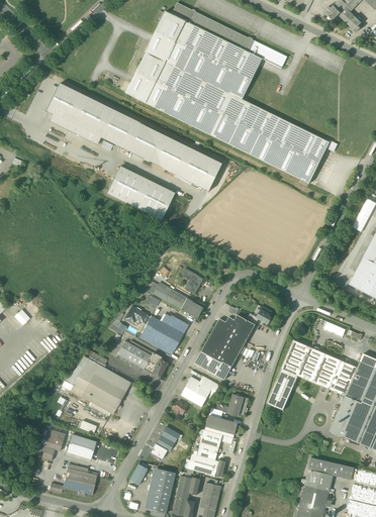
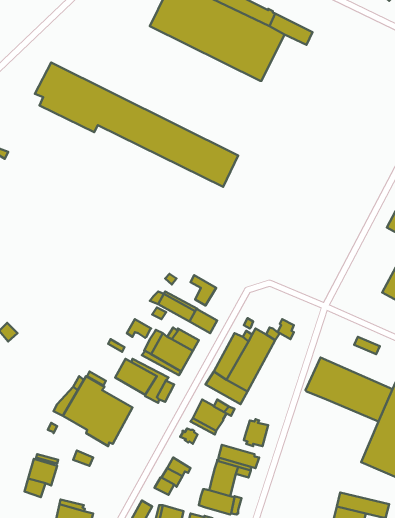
building: [125,51,338,183] -> none
building: [106,166,175,219] -> none
building: [267,369,297,410] -> none
building: [67,434,96,458] -> none

